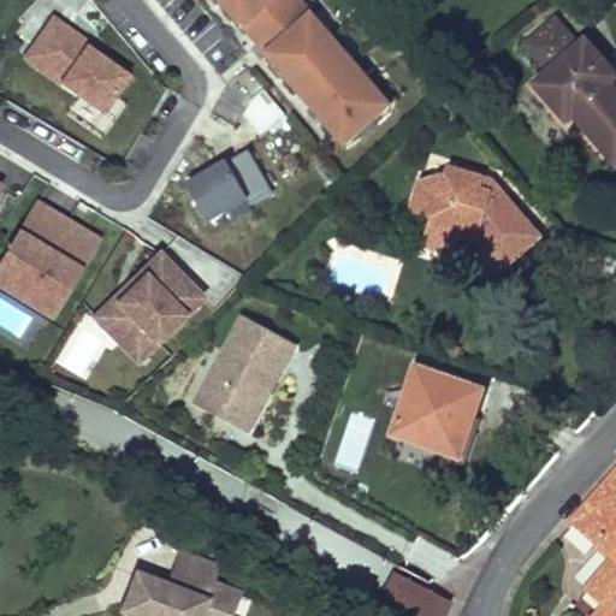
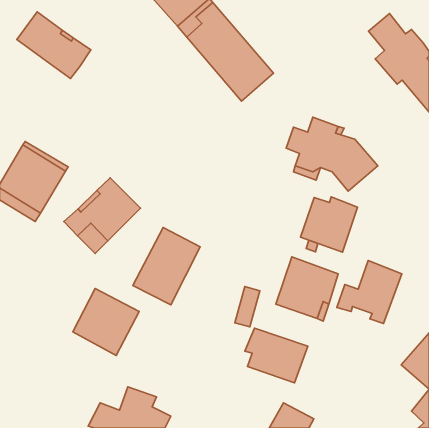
building: [186,149,273,221] -> none
building: none -> [300,197,358,252]
building: none -> [337,261,402,324]
building: none -> [73,288,139,355]
building: none -> [245,328,308,383]

